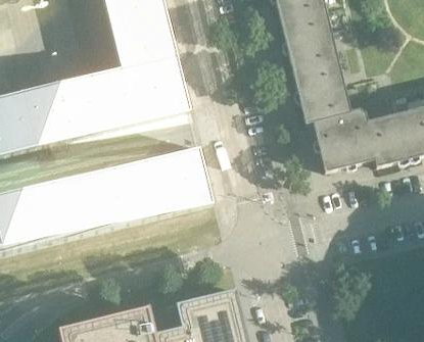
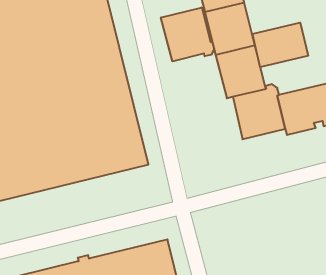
building: none -> [161,7,214,61]
building: none -> [252,23,308,67]

